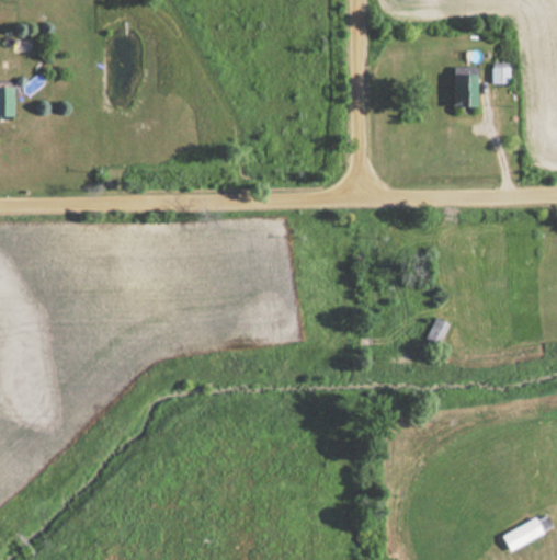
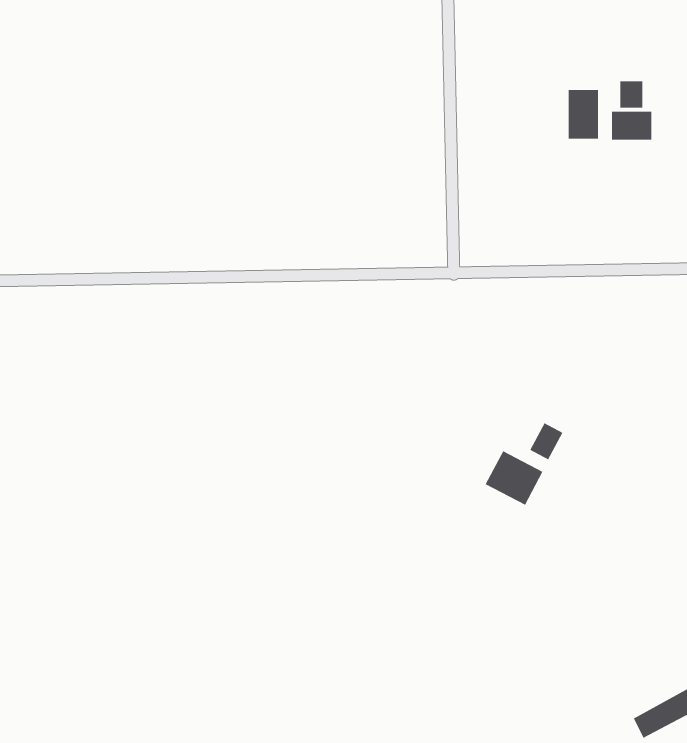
building: none -> [611,111,652,140]
building: none -> [485,450,544,506]

